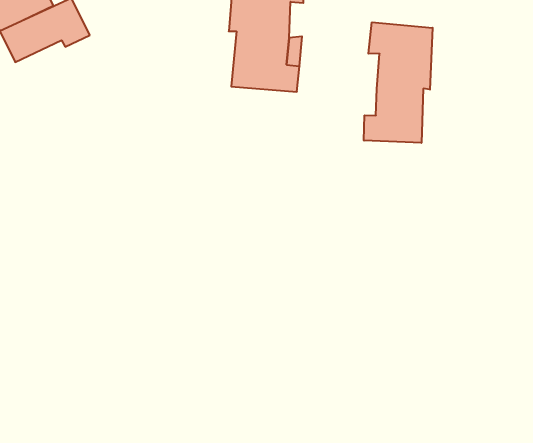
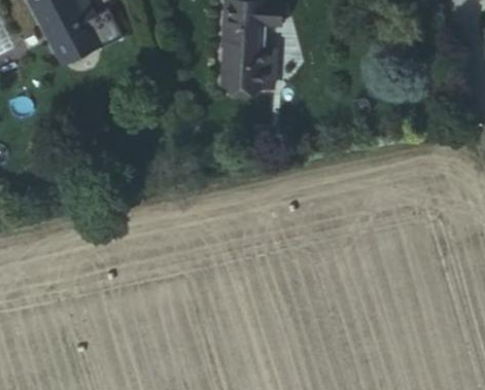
building: [364,22,433,143] -> none

